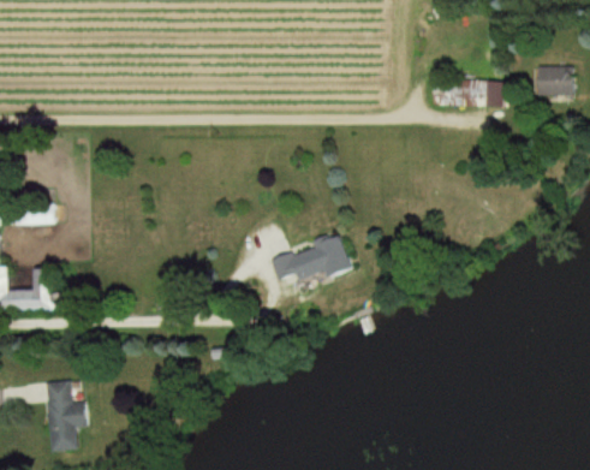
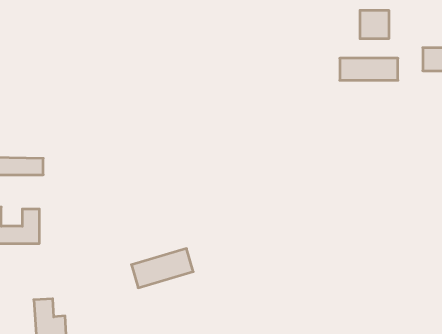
building: none -> [360,10,389,39]
building: [270,237,348,286] -> [131,249,193,288]

